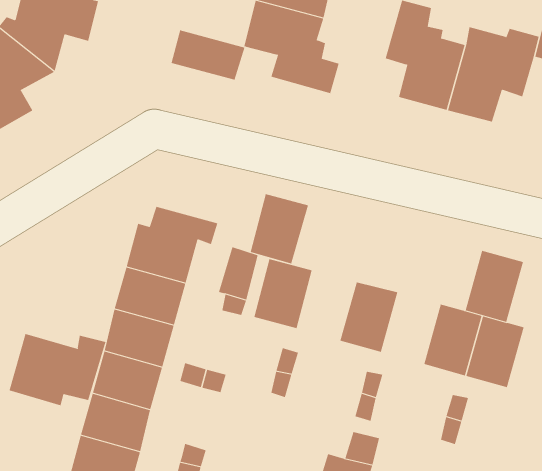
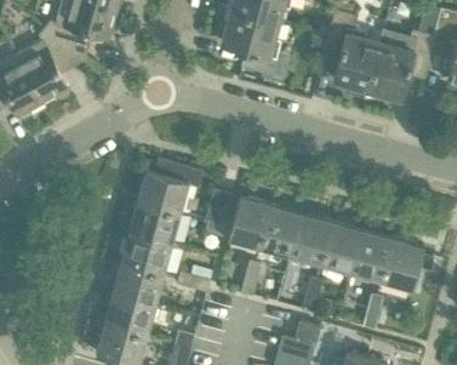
building: [171,30,245,80] -> none
building: [250,193,309,264] -> [259,205,302,256]
building: [465,250,524,322] -> [320,221,362,273]
building: [9,333,106,406] -> none

